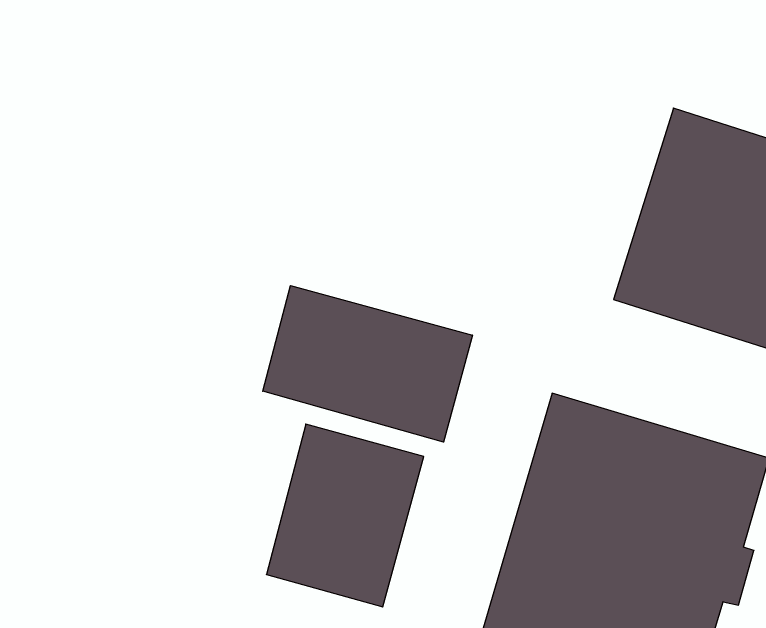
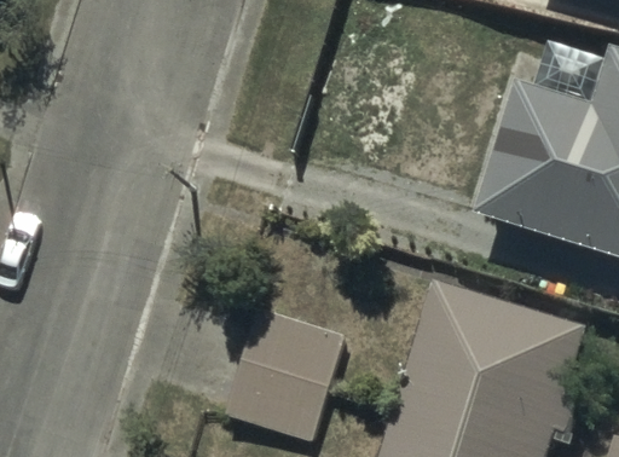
building: [263,286,472,442] -> none

